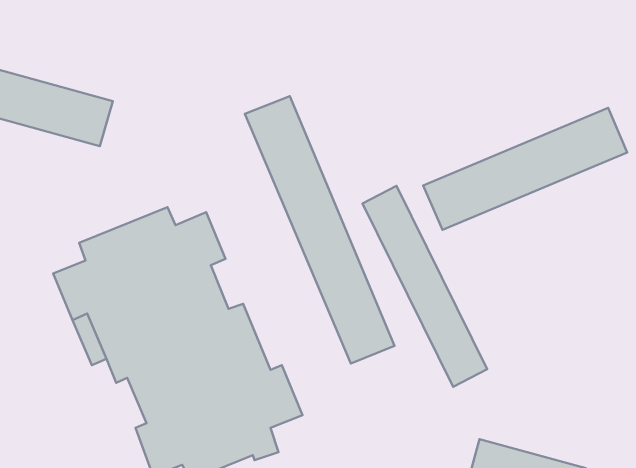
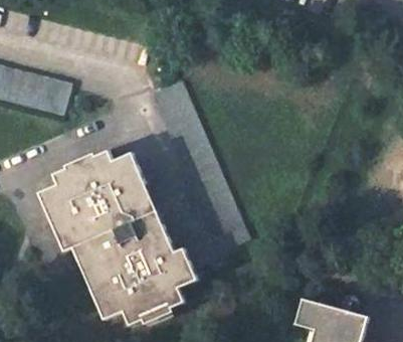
building: [423,108,627,230] -> none
building: [362,186,487,387] -> none

